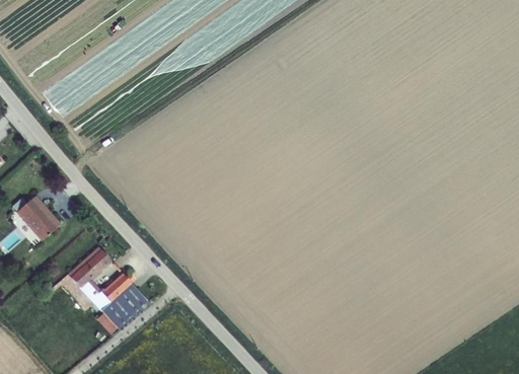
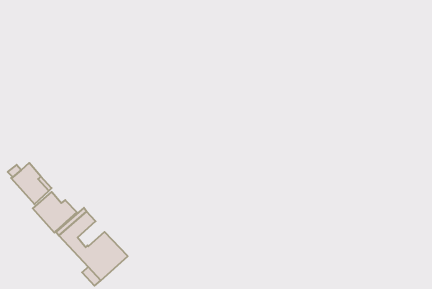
building: none -> [33,192,77,233]

